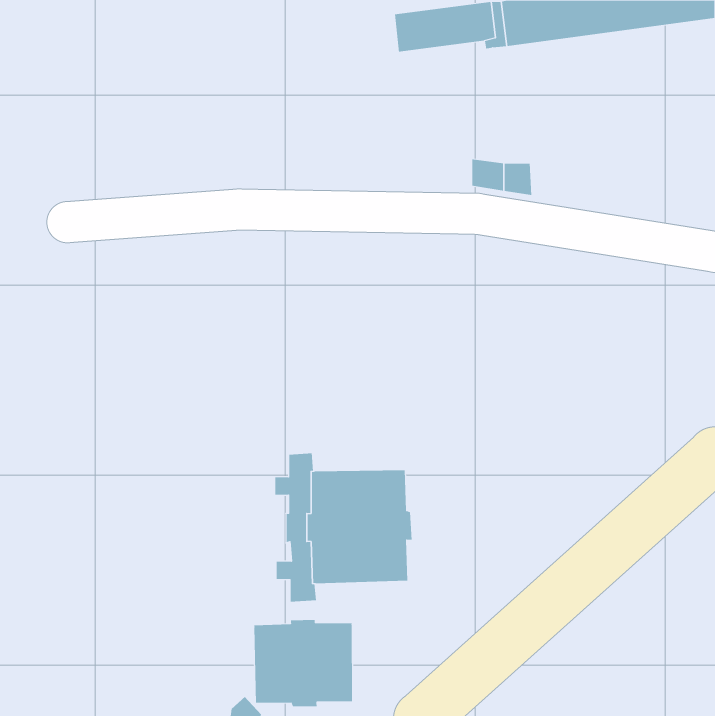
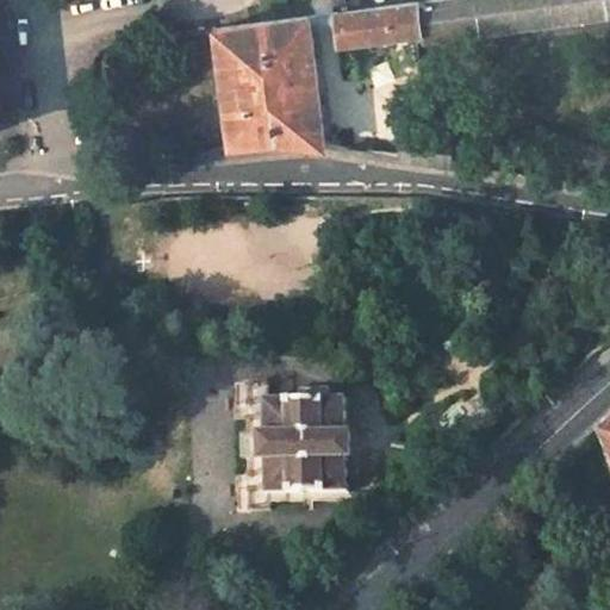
building: none -> [216,18,322,149]
building: [254,619,353,707] -> none

